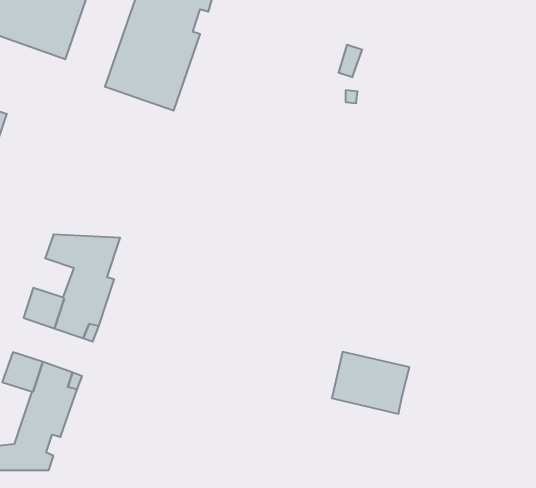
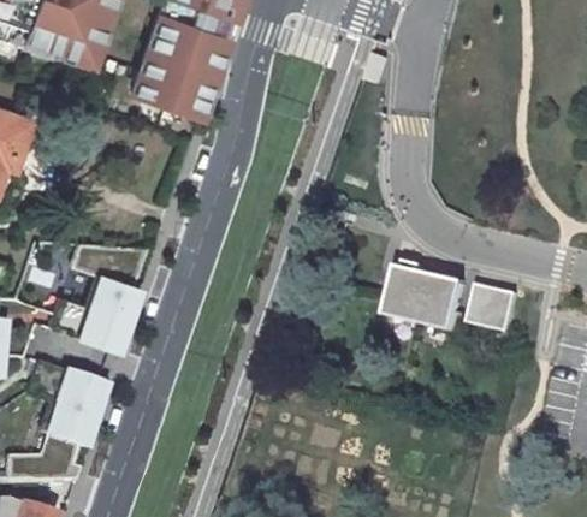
building: none -> [469,283,520,331]
building: [332,352,409,414] -> [389,267,467,329]

